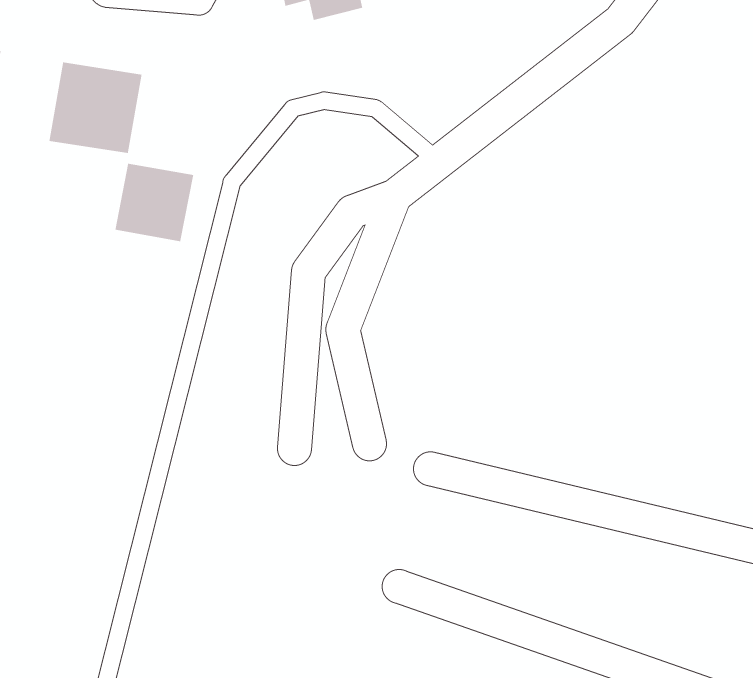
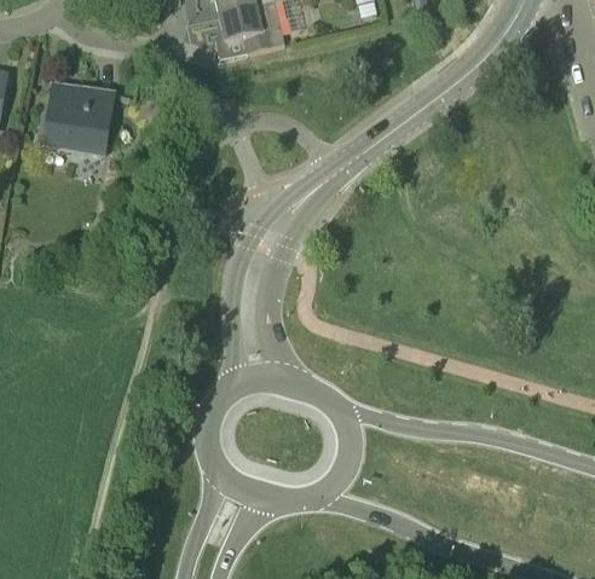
building: [114,163,194,242] -> none

